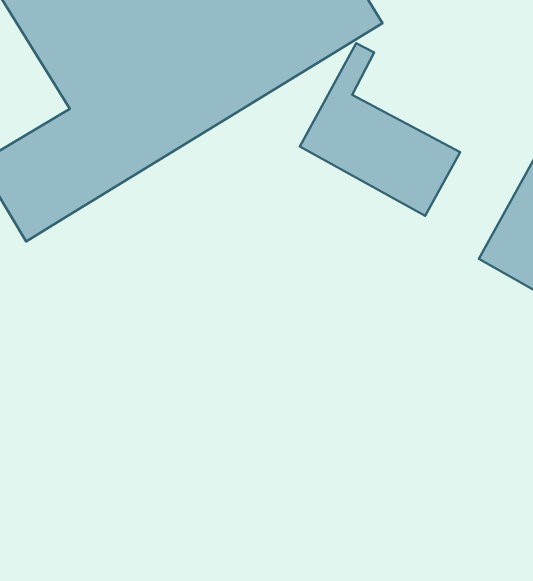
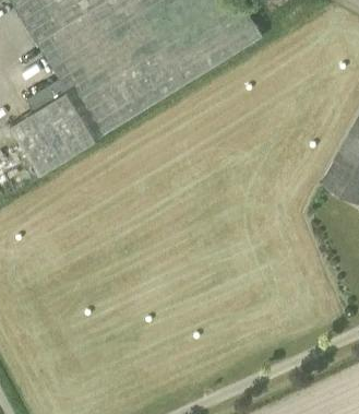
building: [300,43,460,216] -> none

